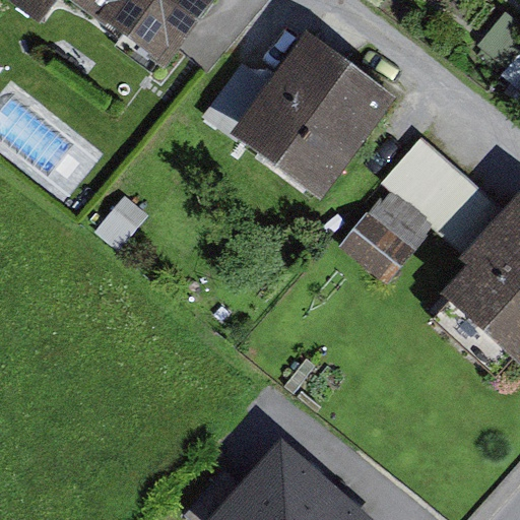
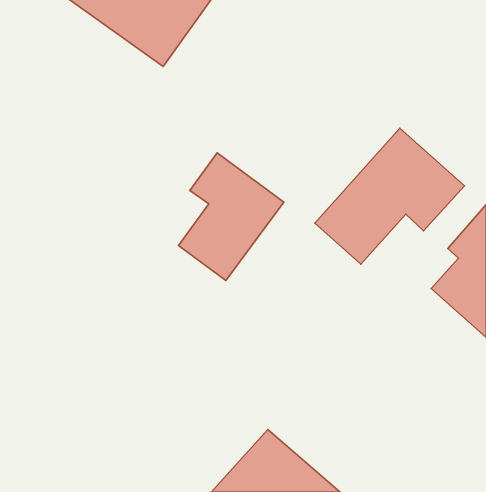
building: [234,30,401,200] -> none
building: none -> [178,153,284,281]

